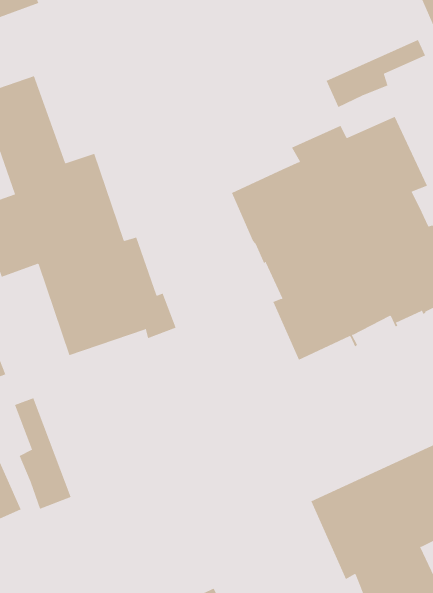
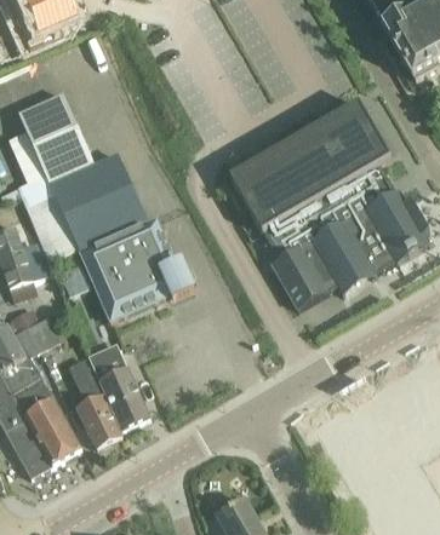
building: [326,39,426,108] -> none
building: none -> [92,351,150,428]

